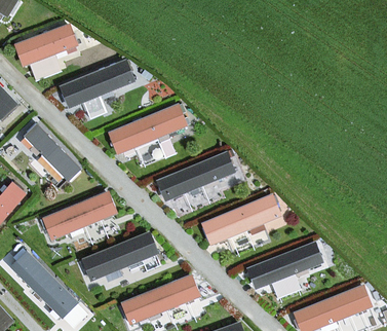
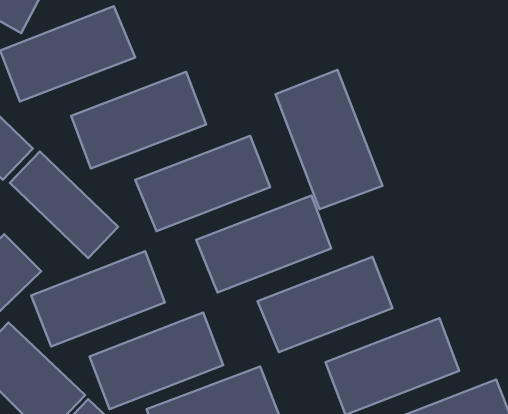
building: none -> [276,70,382,209]

